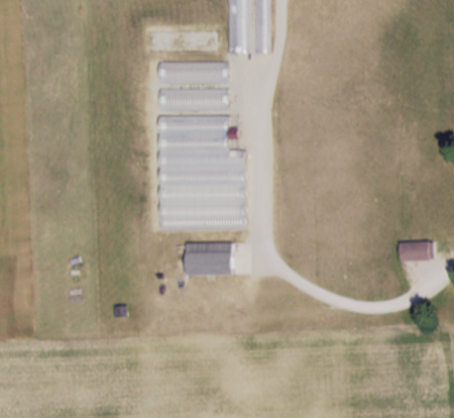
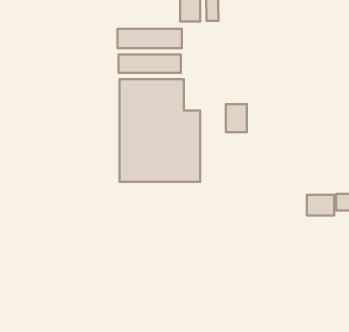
building: none -> [226,104,247,132]
building: [184,241,233,274] -> none
building: none -> [307,195,334,216]

